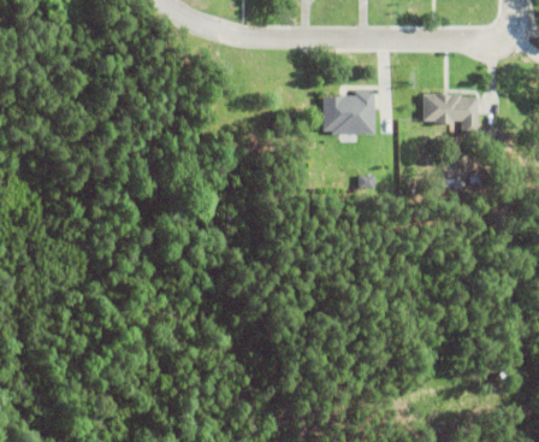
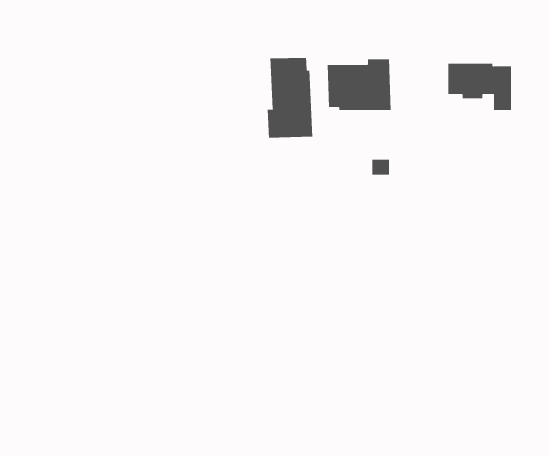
building: none -> [267,57,313,138]

